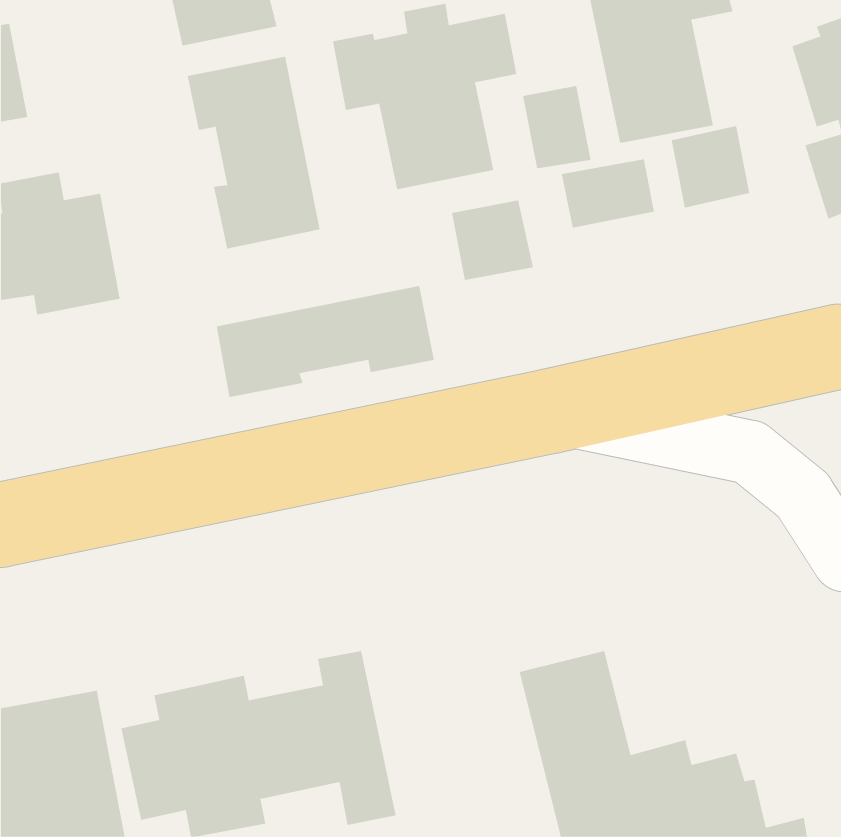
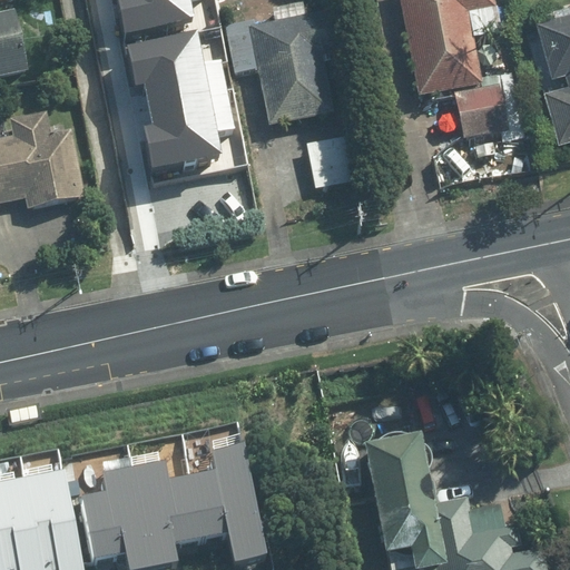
building: [523,85,591,169] -> none
building: [561,159,655,228] -> none
building: [216,285,435,398] -> none

